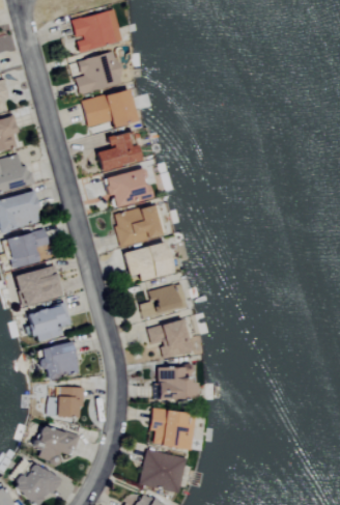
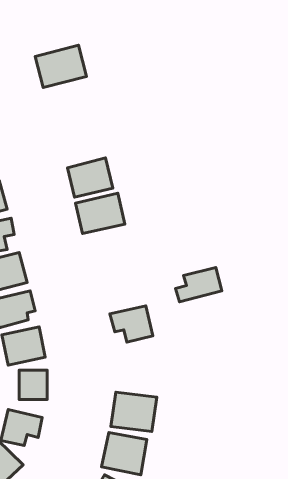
building: [72,9,122,52] -> none
building: [83,89,137,125] -> none
building: [97,130,142,170] -> none
building: [123,241,174,281] -> none
building: [140,283,188,318] -> [176,268,222,302]
building: [157,366,197,399] -> none

